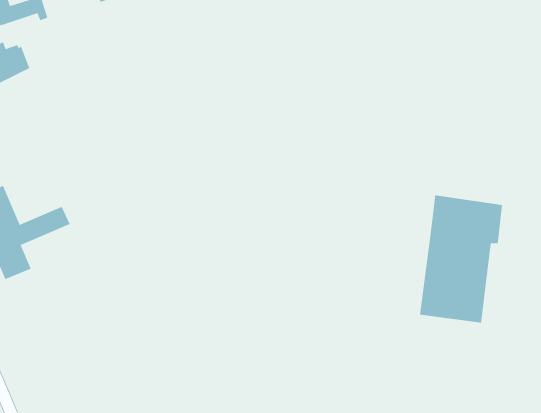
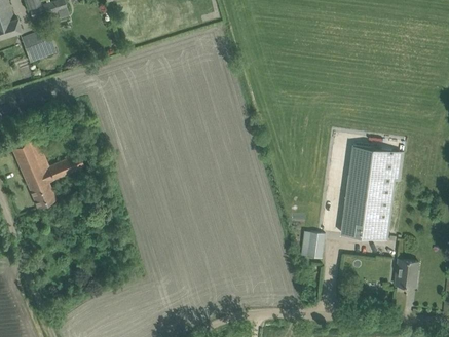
building: none -> [300,231,324,258]
building: none -> [394,259,417,288]

